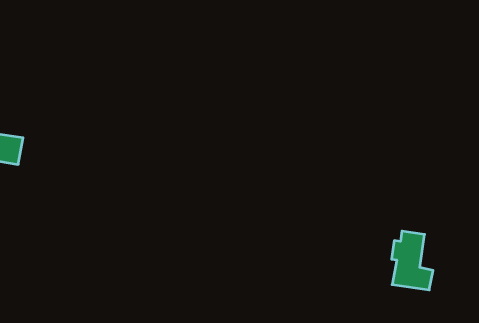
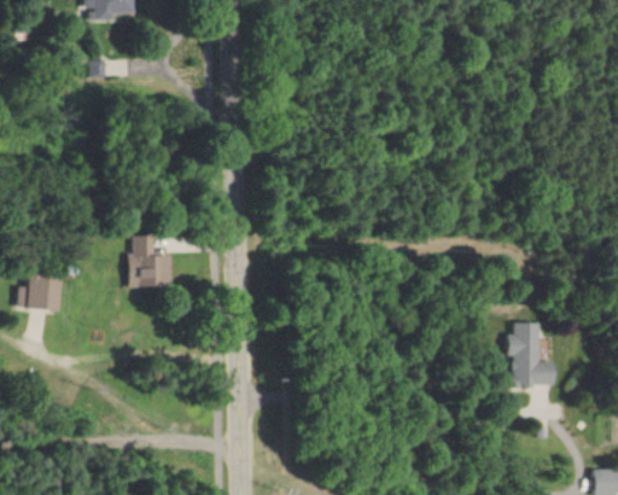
building: none -> [128,235,171,287]

